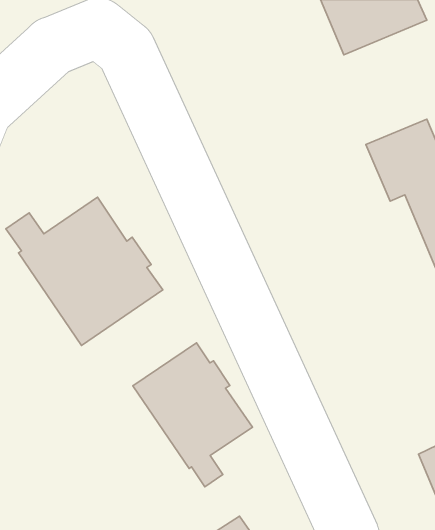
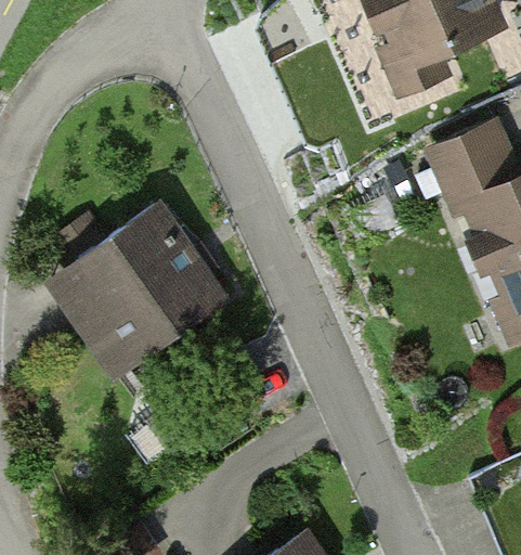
building: [133,343,252,487] -> none

